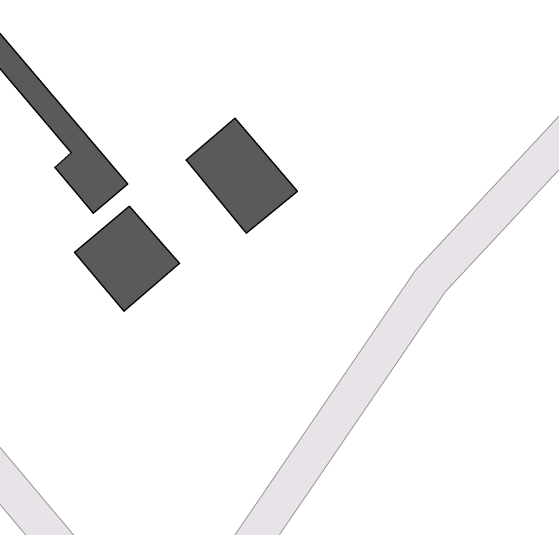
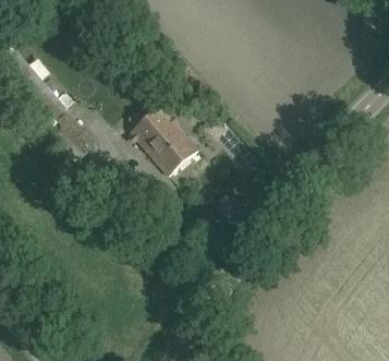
building: [75,206,180,311] -> none

